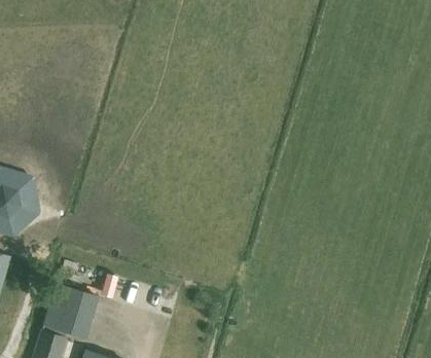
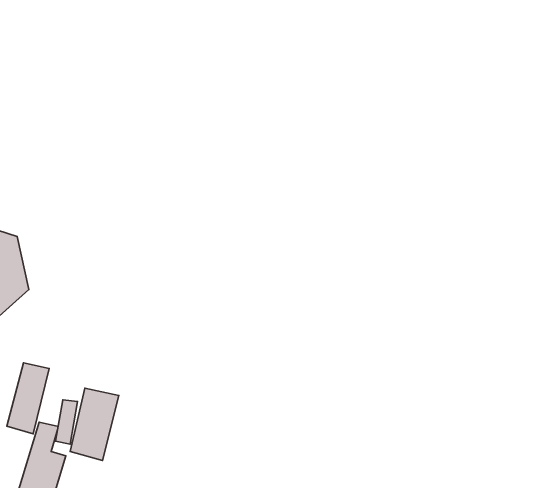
building: none -> [7,363,49,434]

